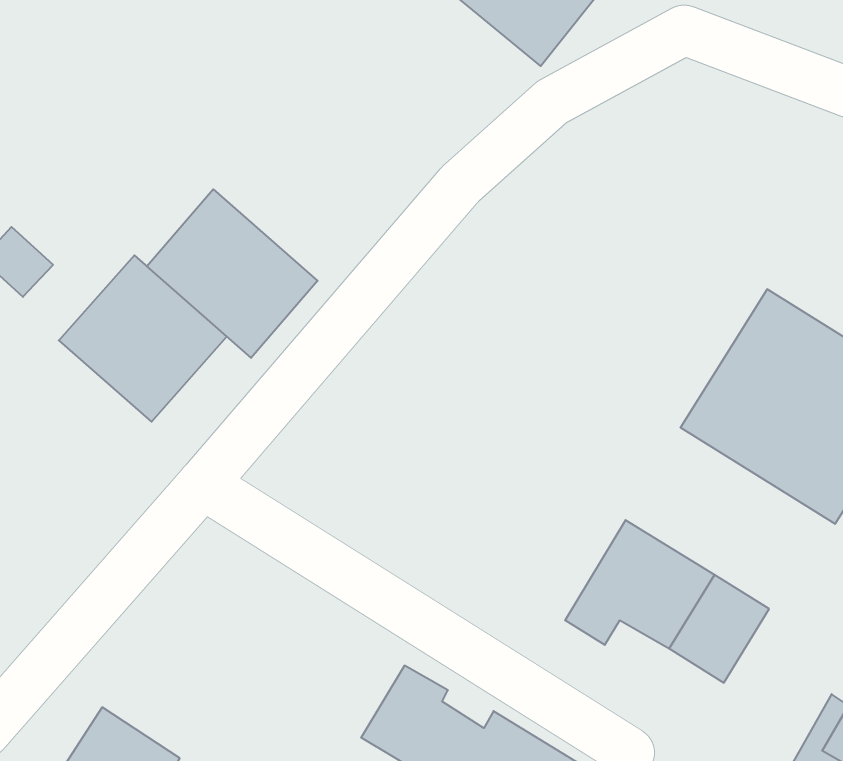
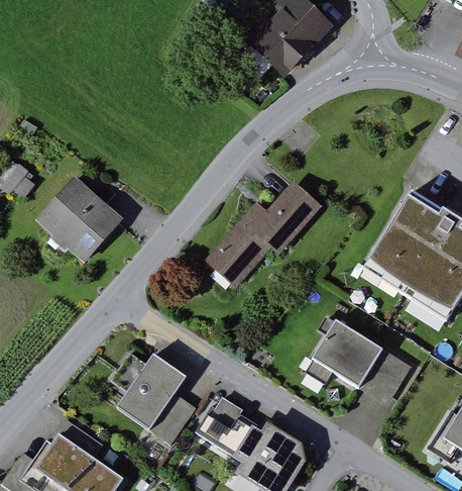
building: [147,189,318,358] -> none
building: none -> [208,180,322,287]
building: none -> [108,352,195,441]

